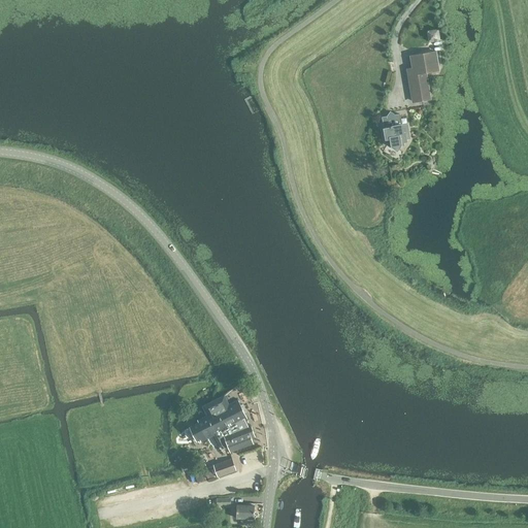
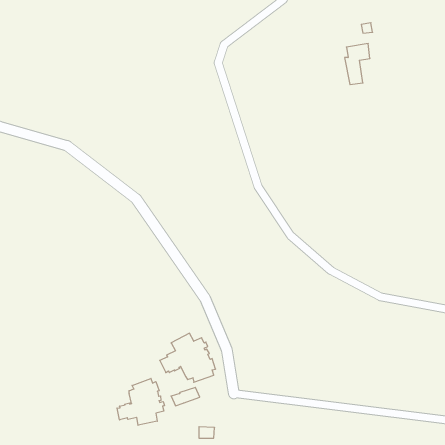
building: [382,113,407,151] -> none
building: none -> [117,378,164,425]

